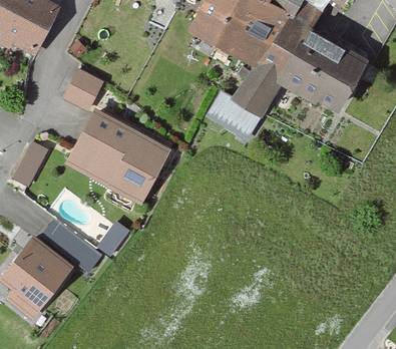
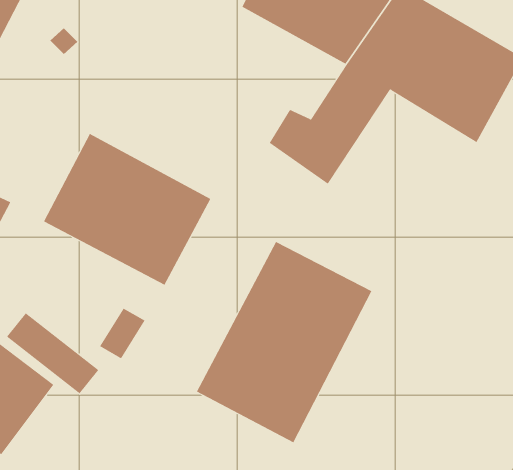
building: [63,70,101,110] -> none
building: none -> [196,241,372,443]

